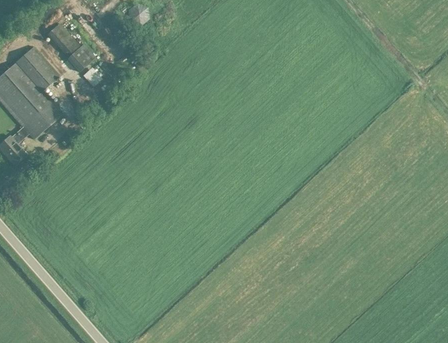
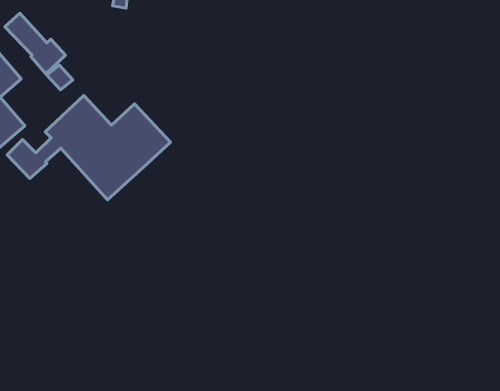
building: none -> [7,96,170,200]

